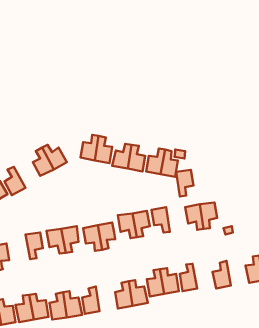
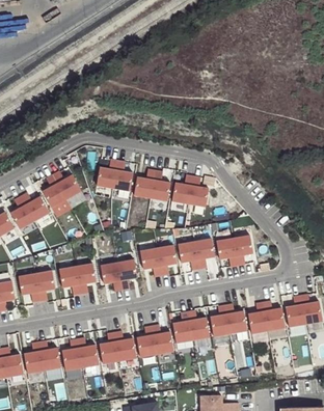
building: none -> [21,192,49,220]
building: [176,170,193,196] -> [194,240,214,270]
building: none -> [18,273,39,302]
building: none -> [263,302,285,331]
building: none -> [224,304,246,334]
building: none -> [114,331,136,360]

